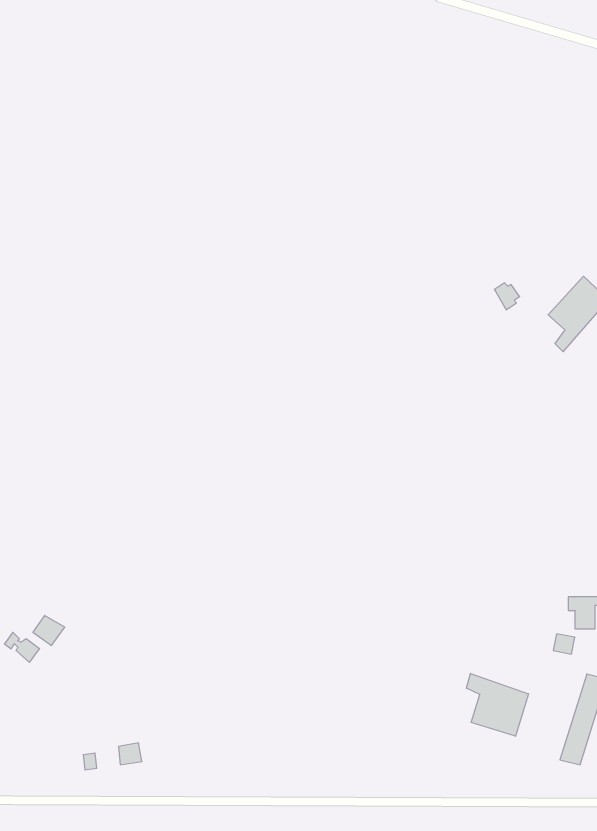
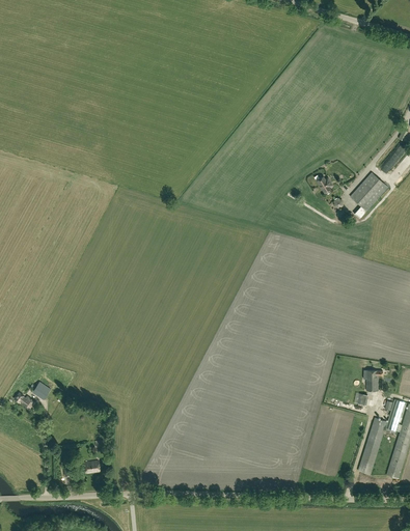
building: [466,673,528,736] -> none

